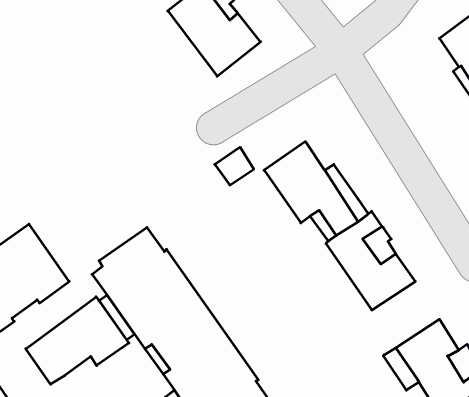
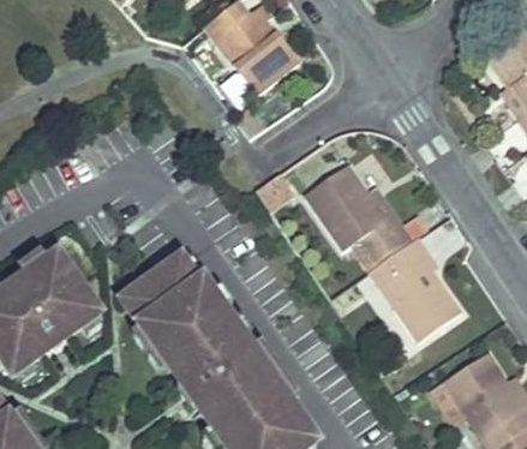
building: [26,297,129,384] -> none

